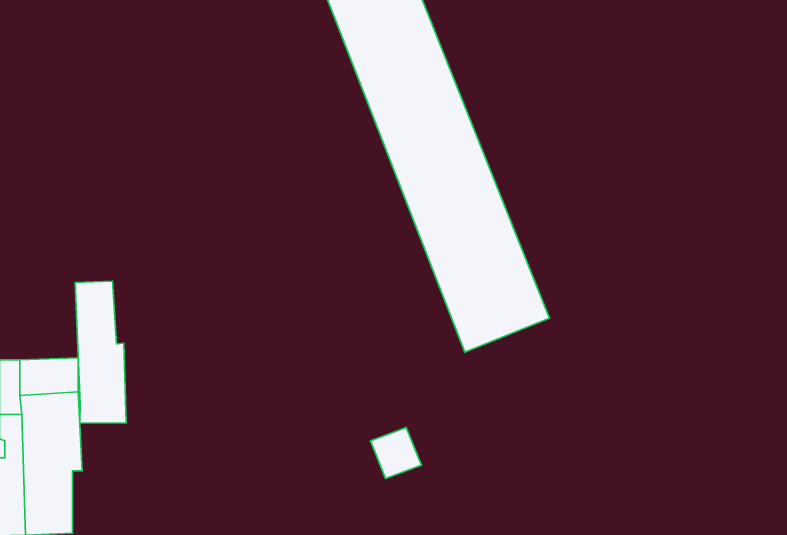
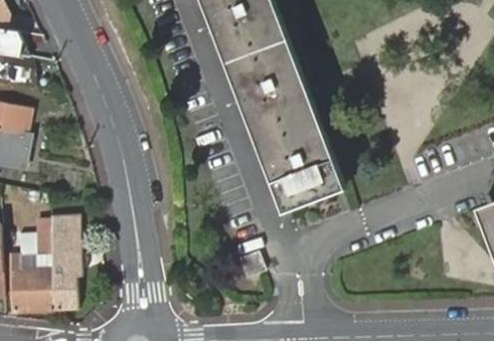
building: [75,281,126,423] -> none

